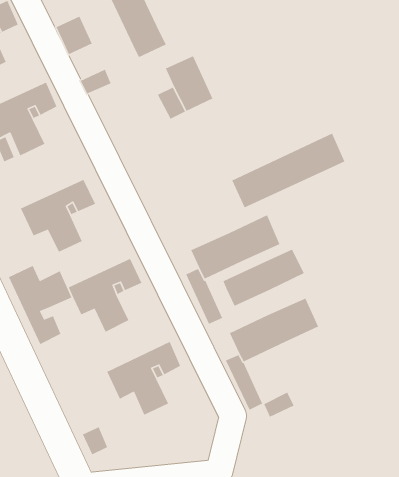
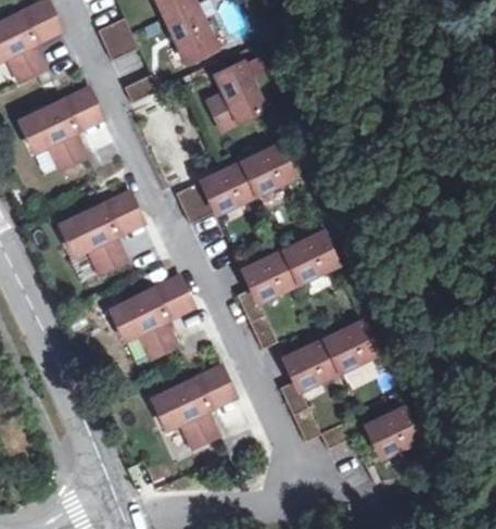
building: [231,133,346,209] -> [175,142,297,224]
building: [222,248,305,307] -> none
building: [8,265,72,345] -> none
building: none -> [366,407,420,457]

